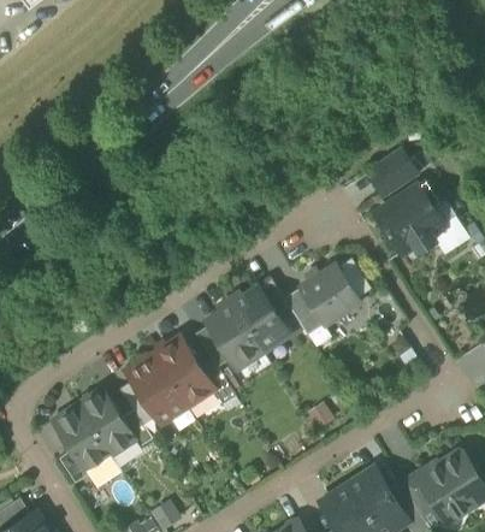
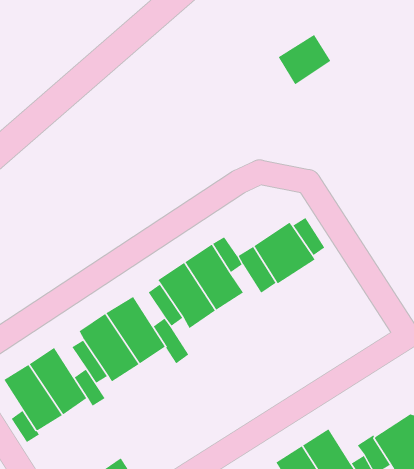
building: [366,147,419,197] -> [278,34,331,85]
building: [377,179,444,253] -> none

